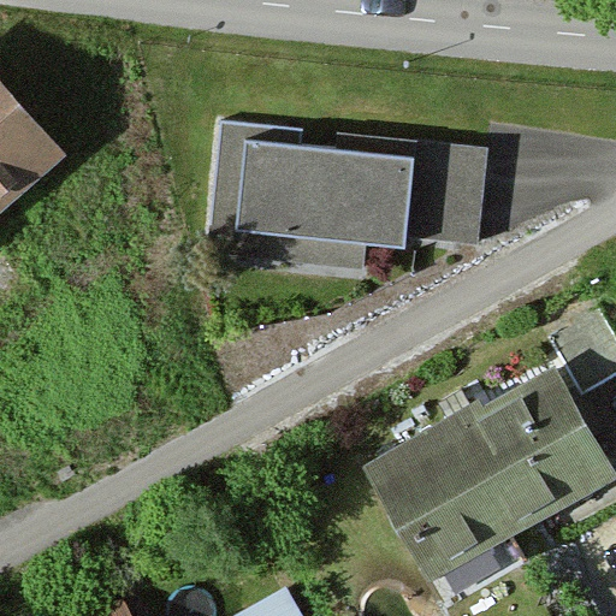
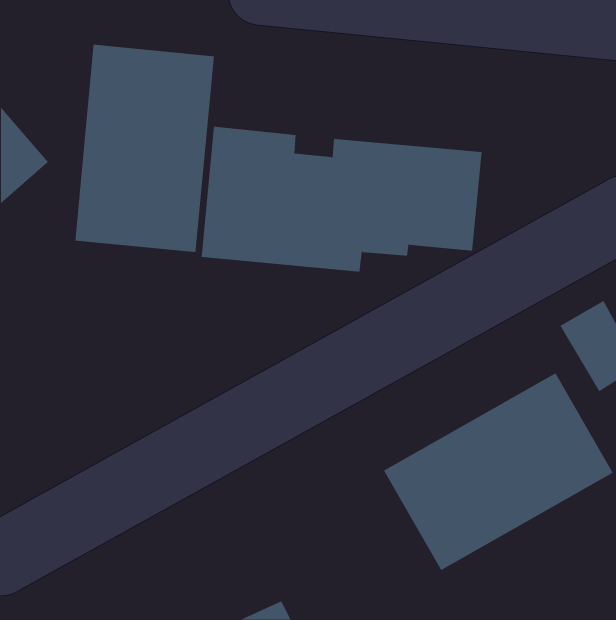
building: none -> [75,44,214,253]

